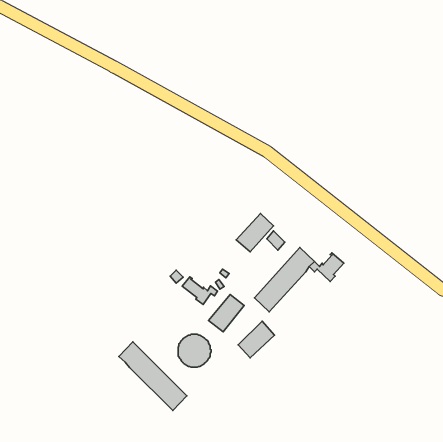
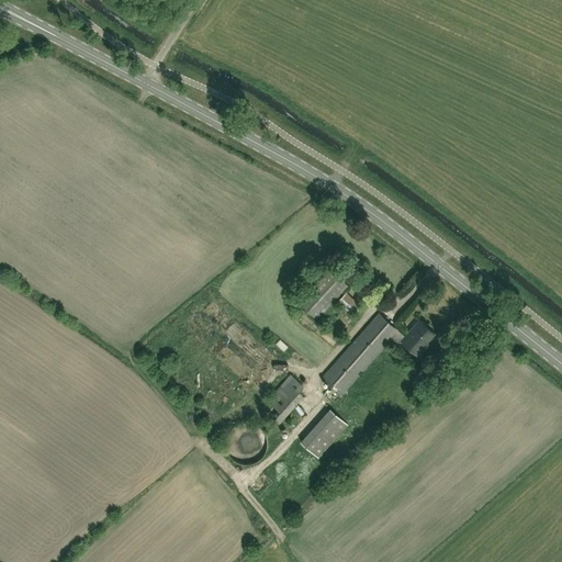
building: [182,277,218,304] -> none
building: [119,342,187,410] -> none

